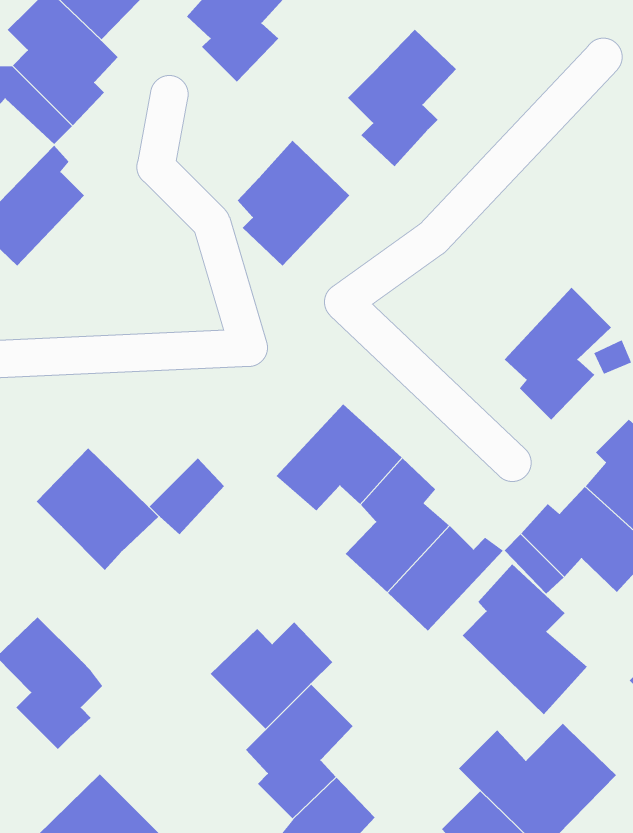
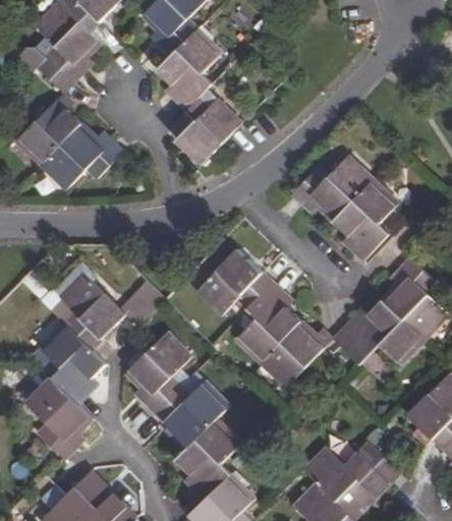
building: [347,29,457,167] -> [157,28,223,112]
building: none -> [40,123,122,191]
building: none -> [292,155,374,222]
building: none -> [43,323,106,403]
building: none -> [129,331,192,411]
building: [462,563,588,715] -> none

